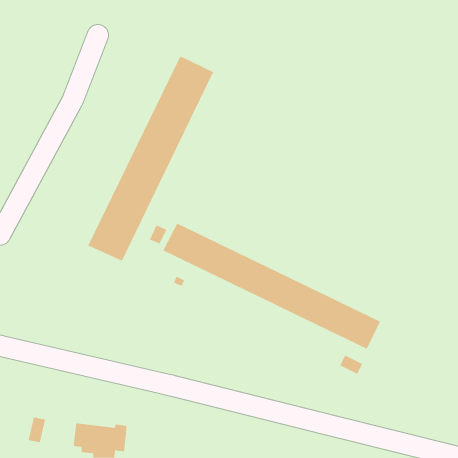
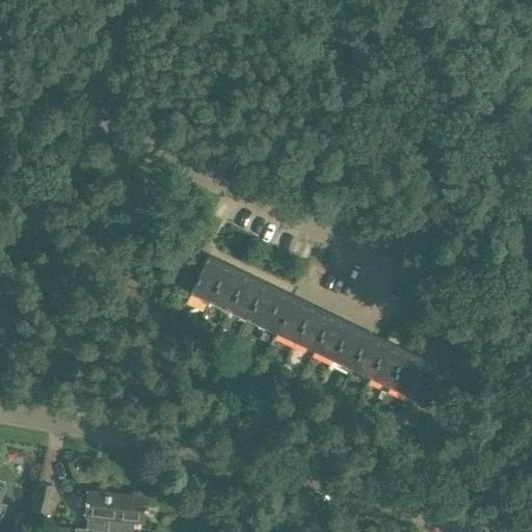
building: [88,55,214,262] -> none

